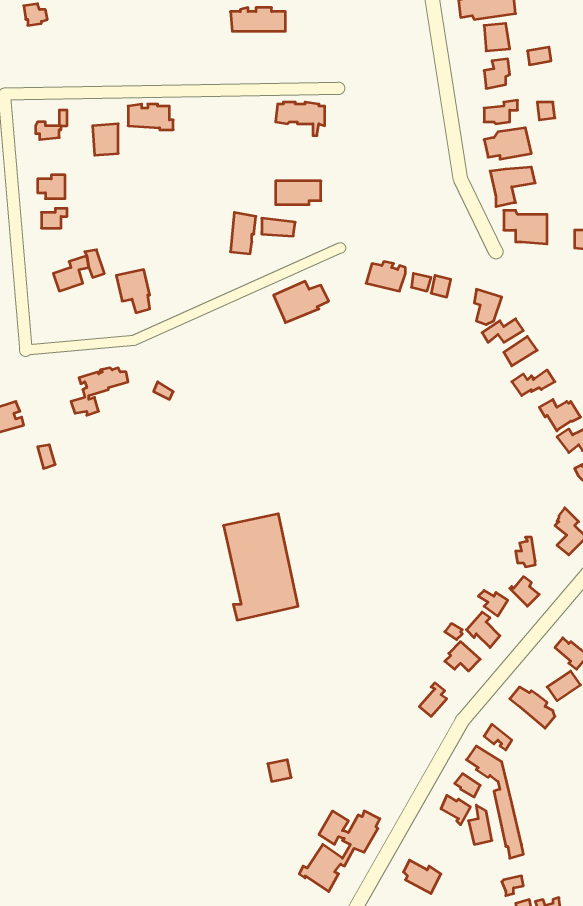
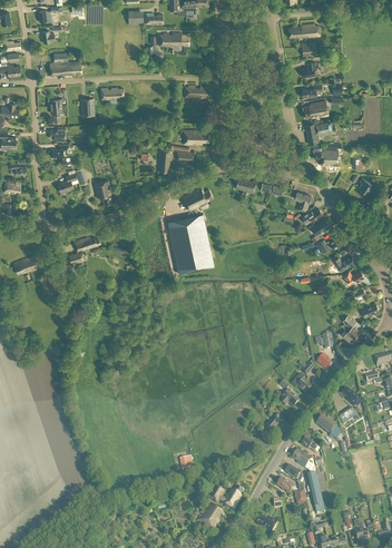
building: none -> [49,51,81,75]
building: [223,514,298,620] -> [170,213,213,273]

